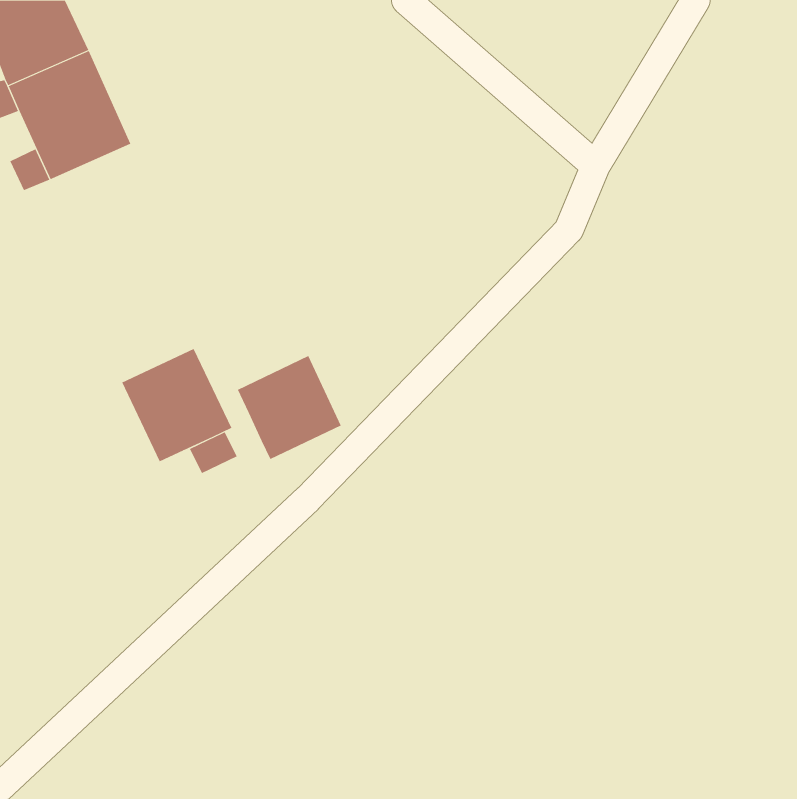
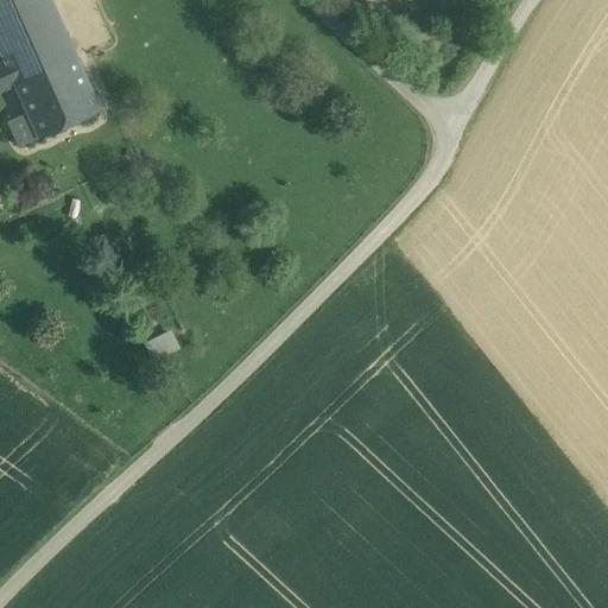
building: [121,348,232,462] -> none
building: [237,355,341,460] -> none

